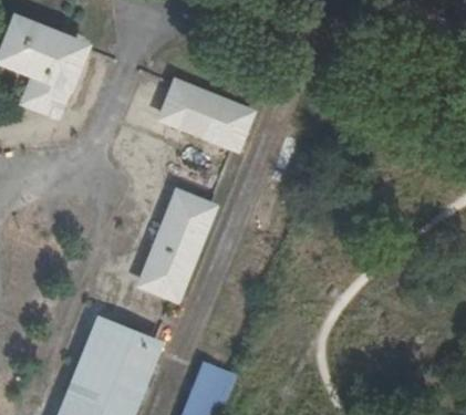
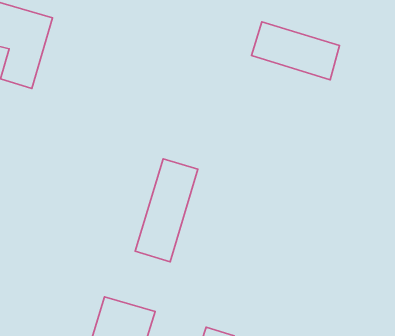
building: [162,80,249,143] -> [251,22,339,80]

